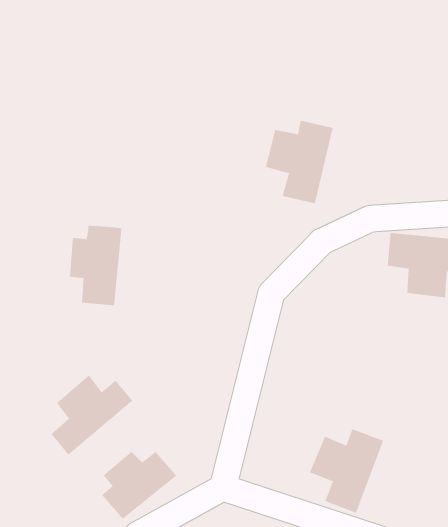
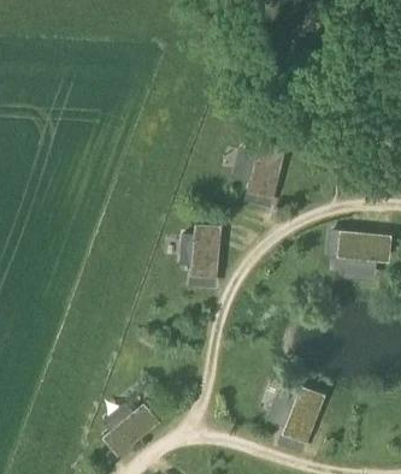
building: [69,225,122,306] -> [181,223,223,286]
building: [51,375,133,455] -> none

